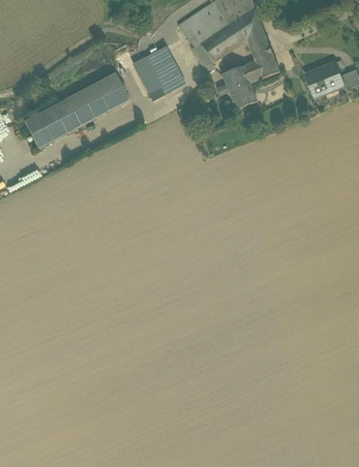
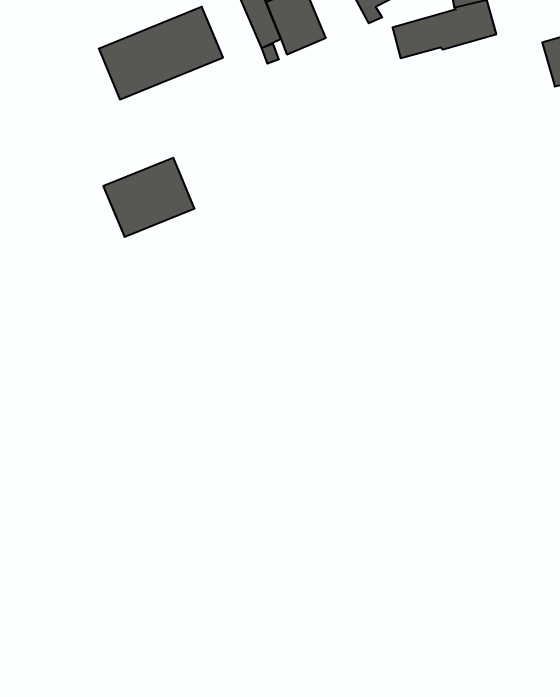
building: [228,82,258,110] -> none
building: [23,101,74,148] -> [103,158,195,237]

